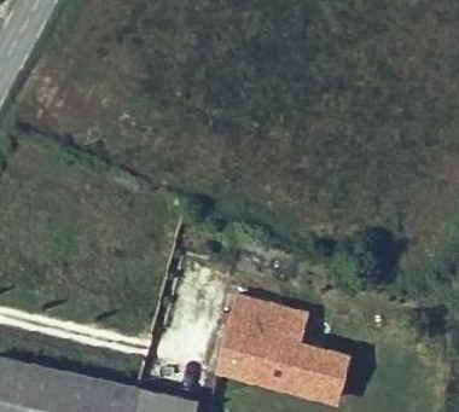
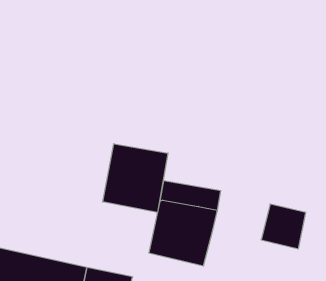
building: none -> [103,144,168,212]
building: [289,341,348,400] -> [261,204,306,249]

